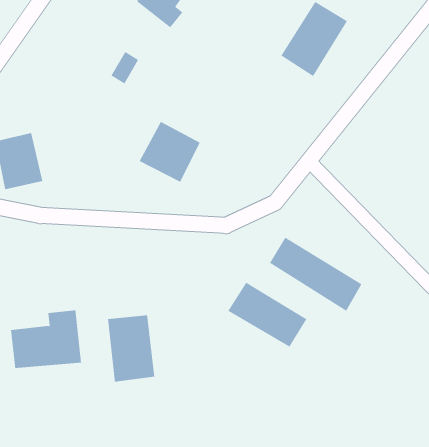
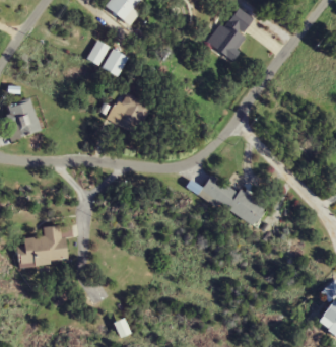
building: none -> [102,49,129,76]
building: [228,282,307,347] -> none
building: [108,314,155,382] -> none

